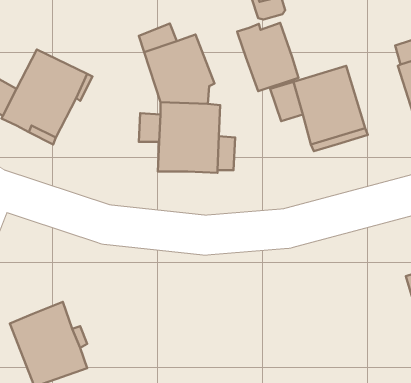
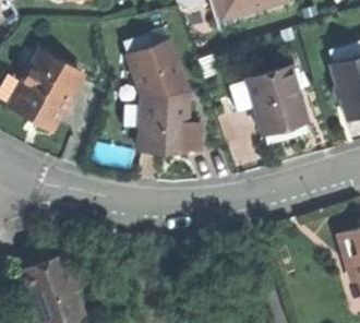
building: [237,23,298,91] -> none

